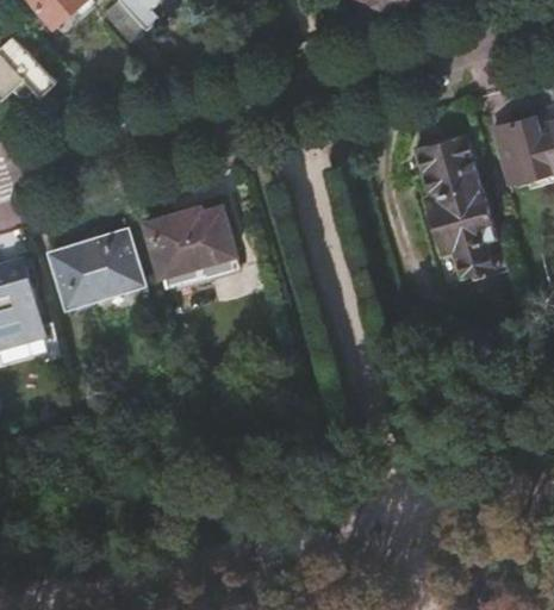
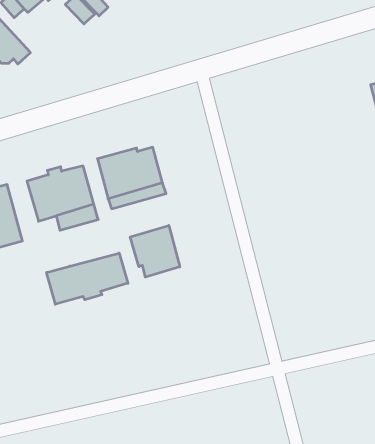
building: [413,135,494,278] -> none
building: none -> [130,225,180,277]
building: none -> [47,253,128,304]

